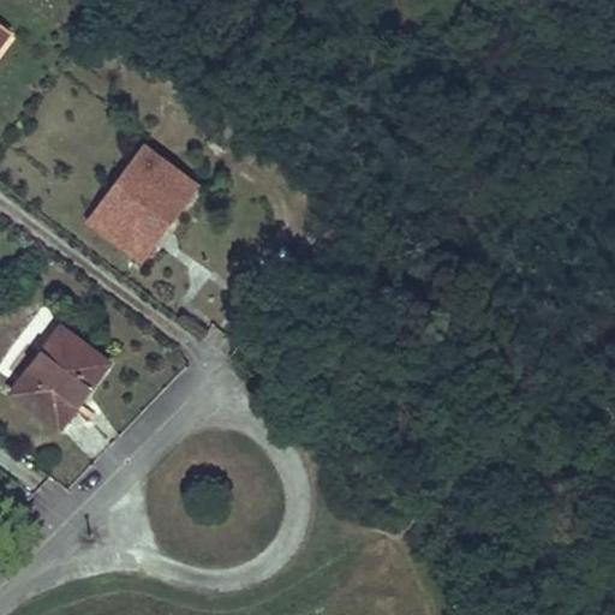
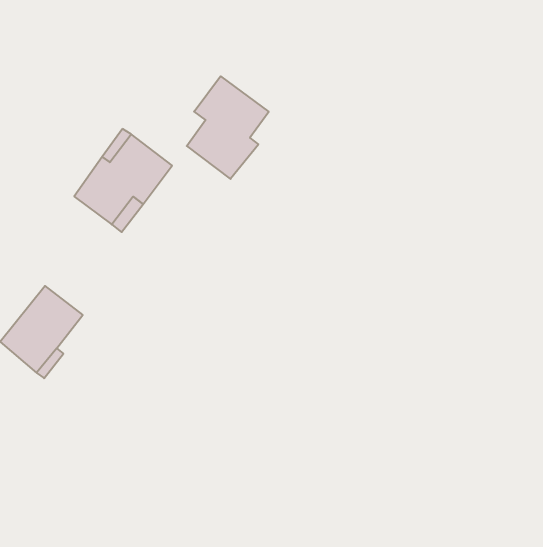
building: none -> [187,76,269,179]

